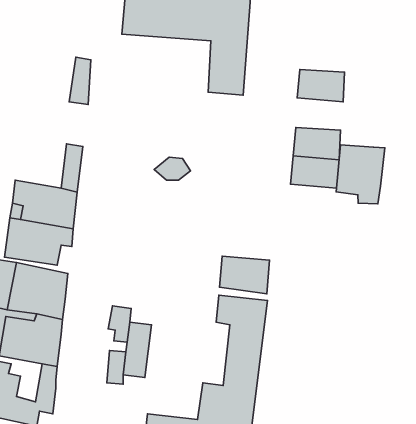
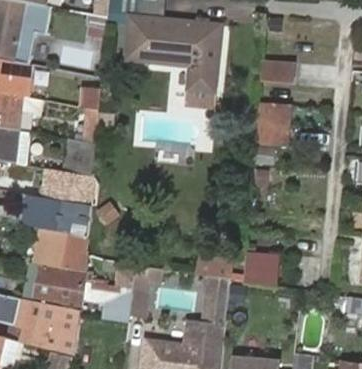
building: none -> [256,56,292,81]
building: [336,145,385,204] -> none
building: [220,256,270,294] -> [243,258,280,286]

